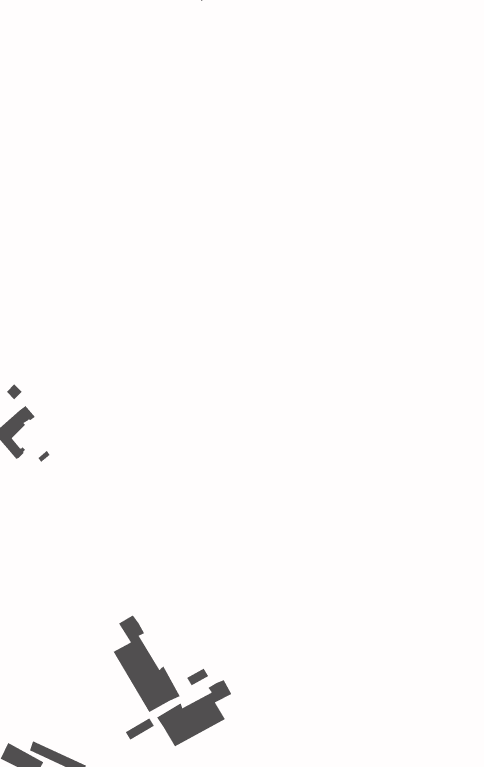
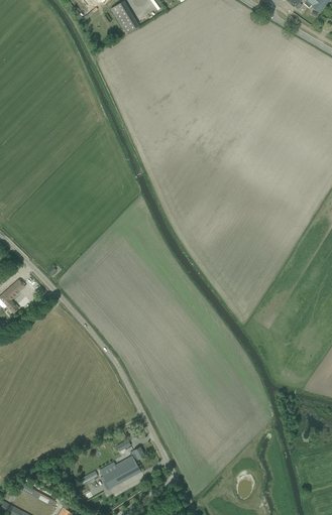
building: [113,615,180,713] -> none

